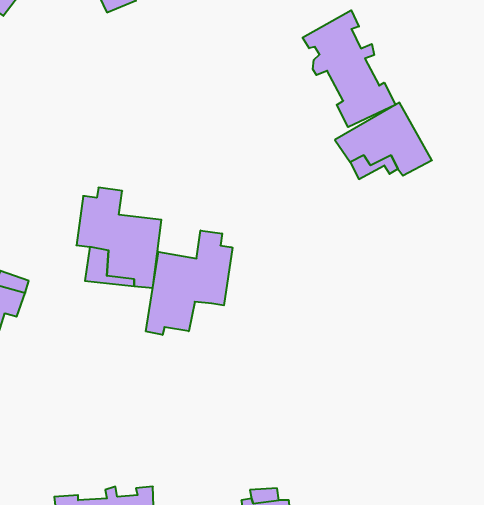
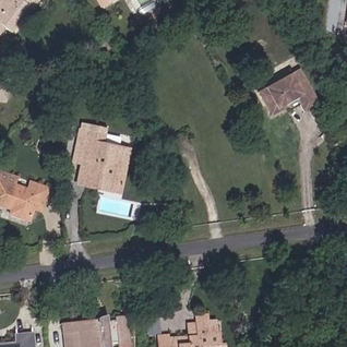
building: [303,10,395,127] -> none
building: [146,230,233,335] -> none

